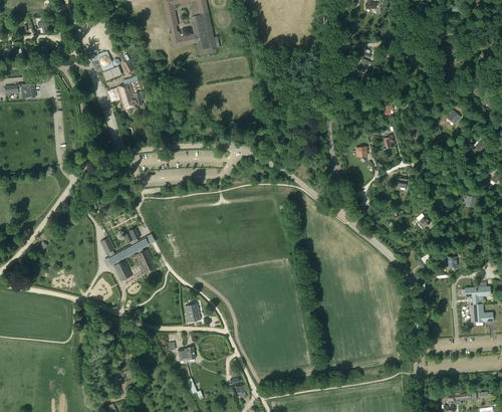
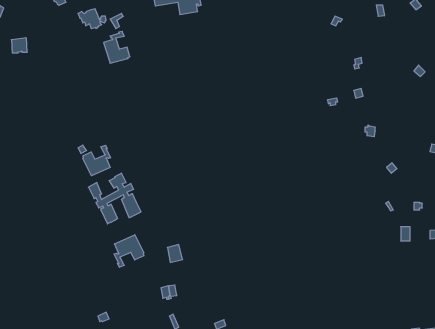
building: none -> [83,145,110,176]
building: none -> [114,235,144,267]

